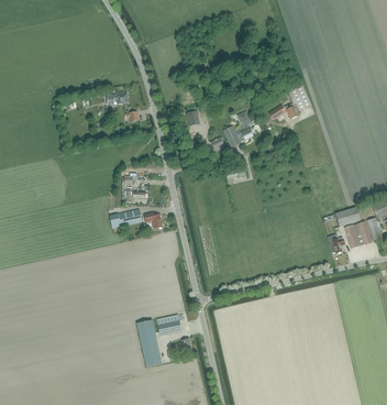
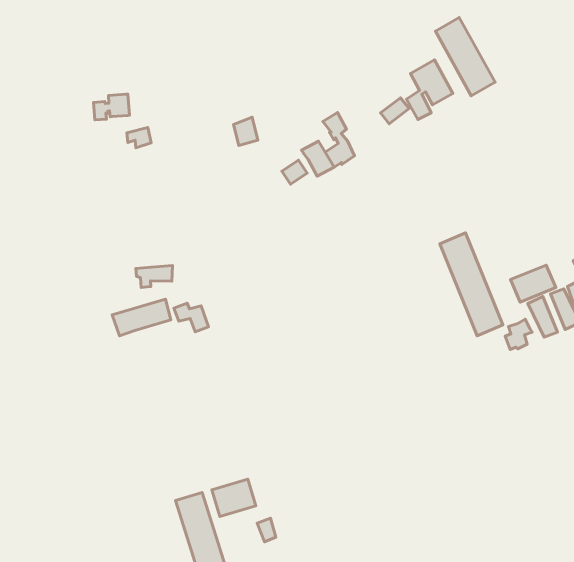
building: none -> [435,18,495,96]
building: none -> [440,233,503,336]

